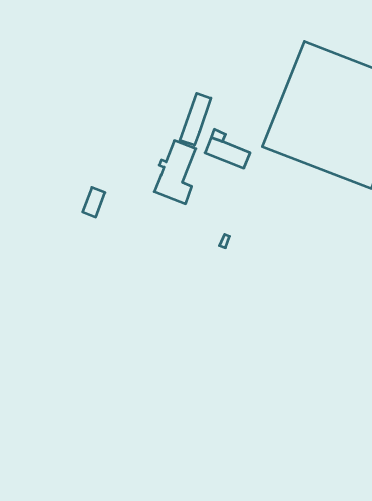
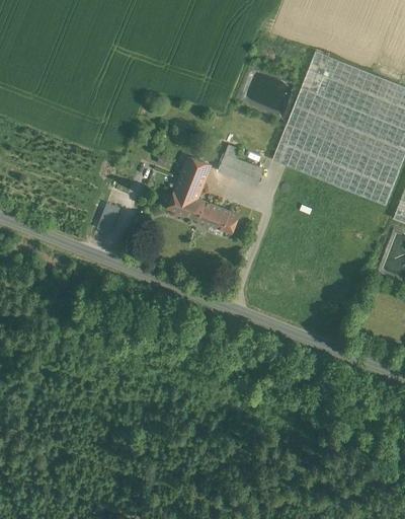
building: [180,93,211,145] -> none
building: none -> [199,201,238,231]

